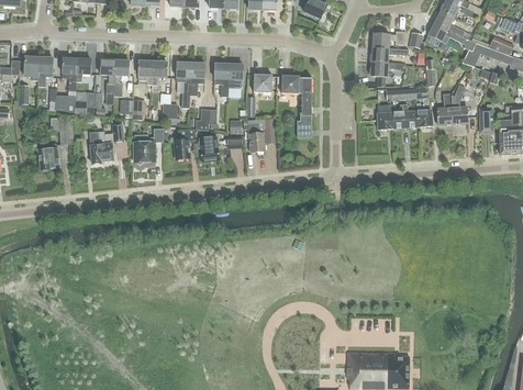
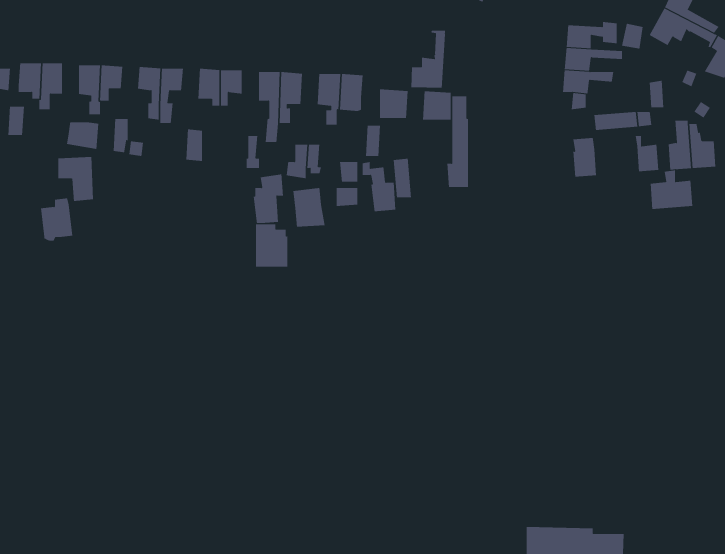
building: none -> [411,30,446,88]
building: [391,103,419,129] -> [650,170,693,210]
building: [89,123,123,164] -> none
building: [134,134,155,161] -> [255,224,288,267]

